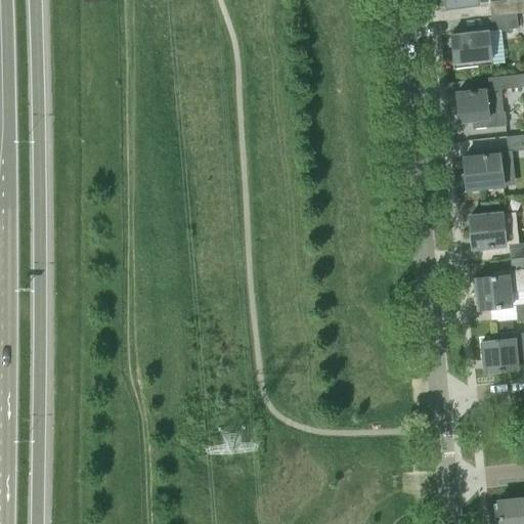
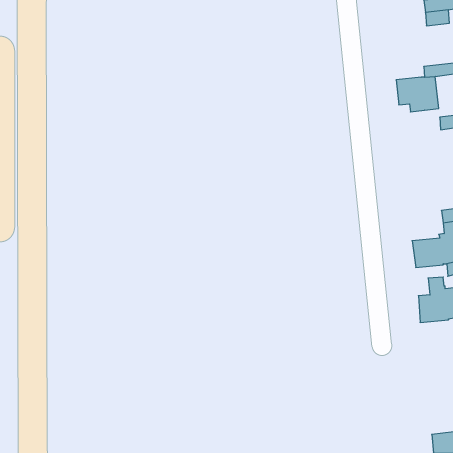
building: [451,30,493,68] -> none
building: [464,148,505,189] -> none
building: [470,213,506,248] -> none

